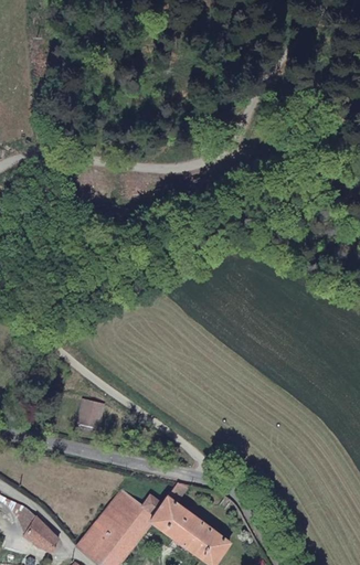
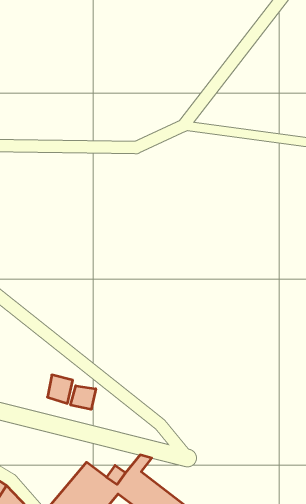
building: none -> [71,386,96,409]

